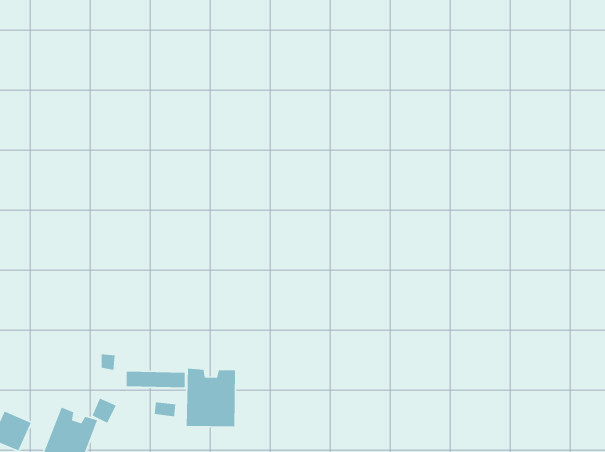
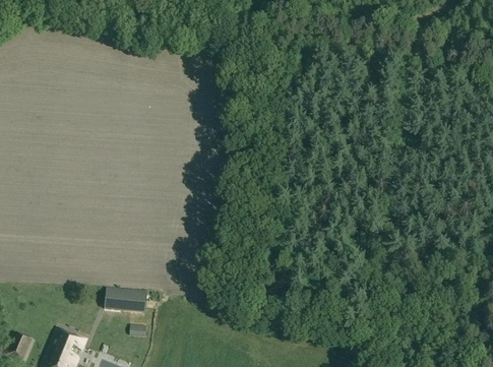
building: [186,368,236,427] -> none

